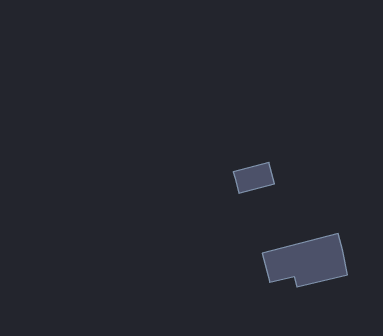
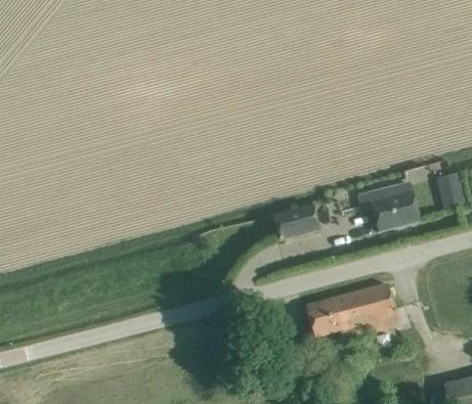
building: none -> [371,183,418,230]

